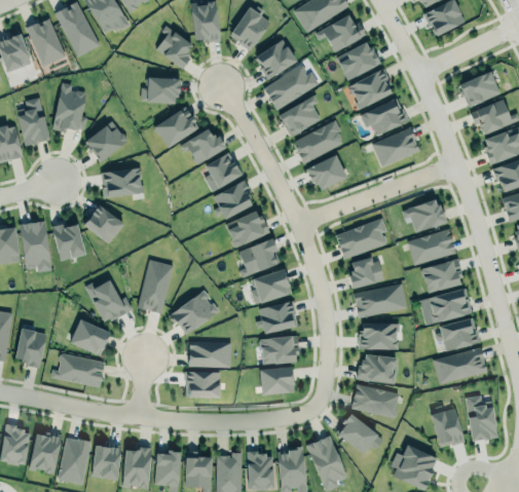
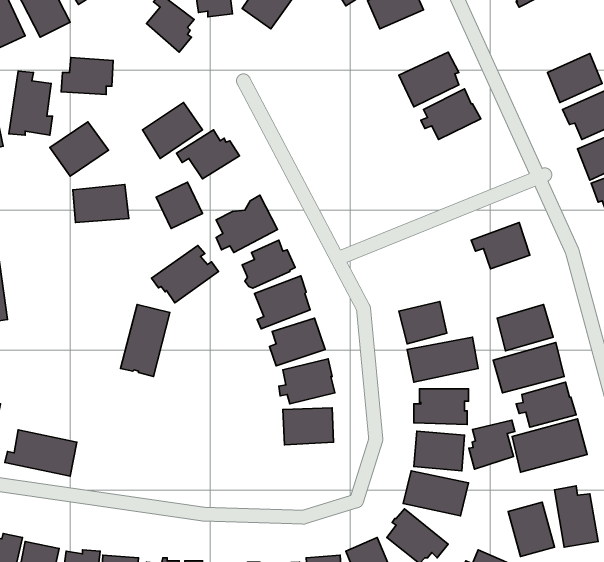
building: [254,39,297,80] -> none
building: [336,41,379,80] -> none
building: [264,65,319,109] -> none
building: [142,76,181,104] -> [61,58,113,94]
building: [280,94,322,136] -> none
building: [296,119,343,163] -> none
building: [373,126,421,166] -> none
building: [206,153,240,188] -> [156,182,202,229]
building: [306,154,347,189] -> none
building: [84,204,124,243] -> none
building: [336,218,387,259] -> none
building: [51,223,85,261] -> none
building: [407,228,456,265] -> none
building: [85,273,127,319] -> none
building: [170,291,220,334] -> [152,245,218,303]
building: [70,320,109,355] -> none
building: [188,341,231,368] -> none
building: none -> [469,420,515,469]
building: [260,368,294,394] -> none
building: [185,372,220,399] -> none

